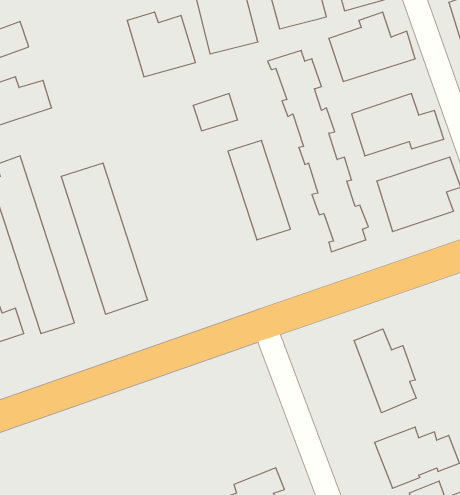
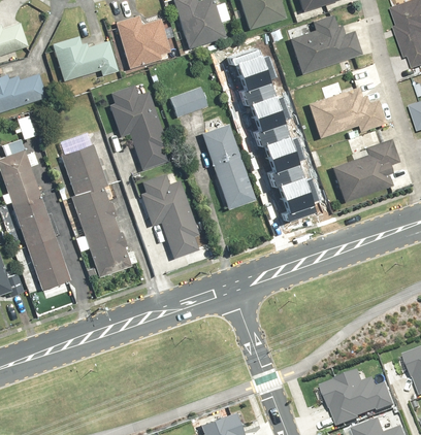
building: none -> [51,35,118,82]
building: none -> [104,81,203,262]
building: [354,329,416,413] -> none

